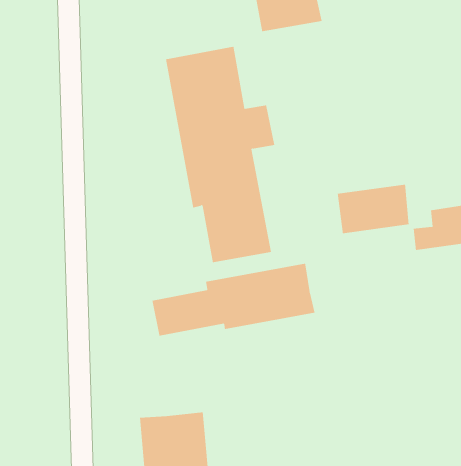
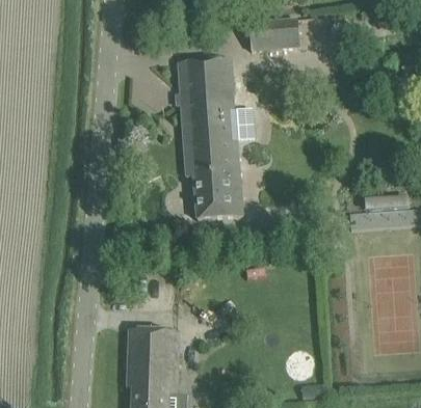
building: [337,184,409,234] -> none
building: [152,263,315,336] -> none

